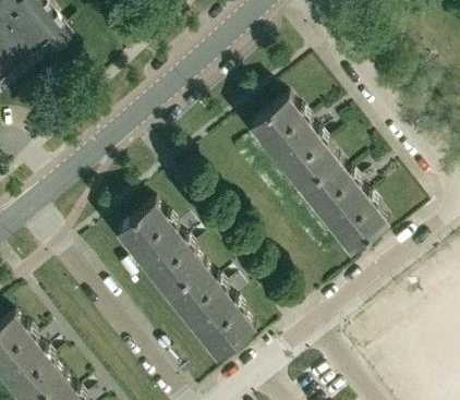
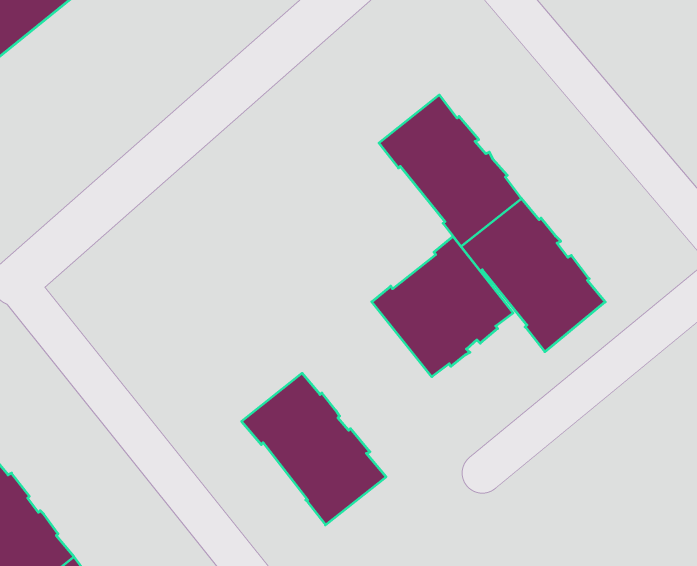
building: none -> [372,236,513,377]
building: [113,203,201,295] -> none

